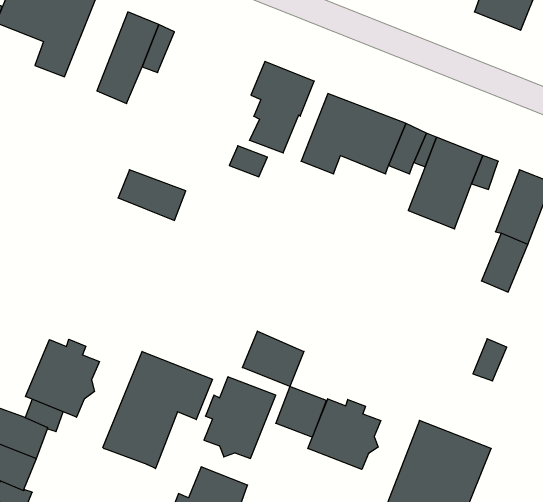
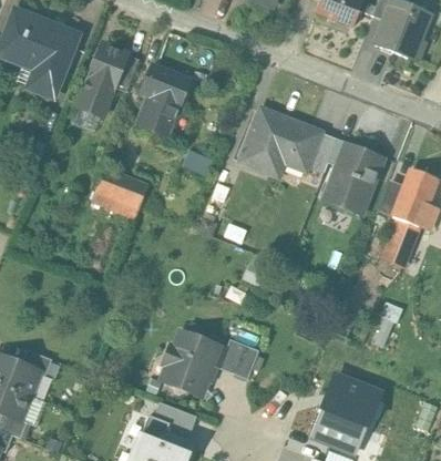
building: [249,61,314,153] -> [139,65,189,137]
building: [242,331,304,387] -> none
building: [26,339,99,417] -> none
building: [103,351,212,469] -> none
building: [308,399,381,469] -> none

